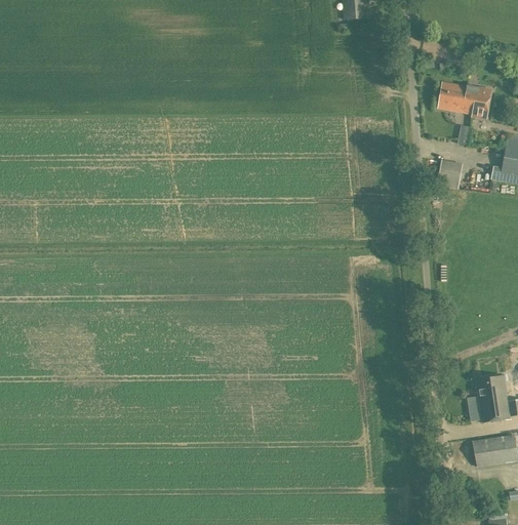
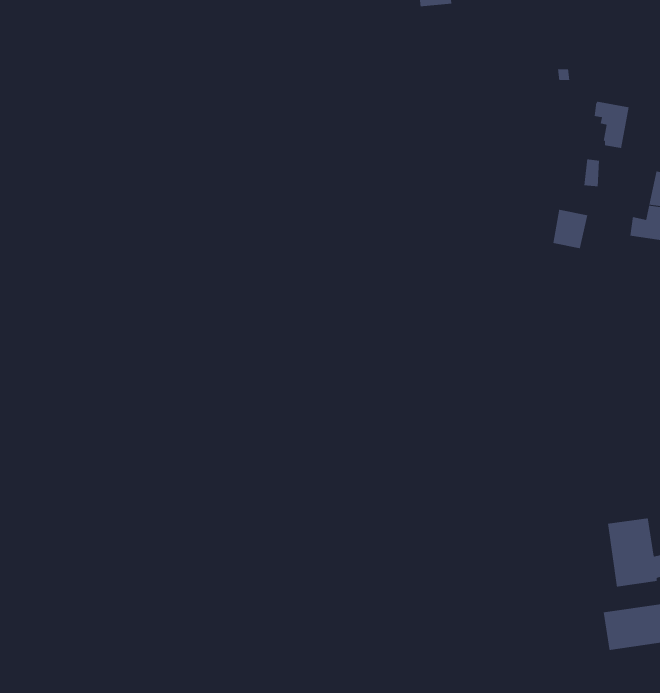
building: [437,82,474,113] -> none

